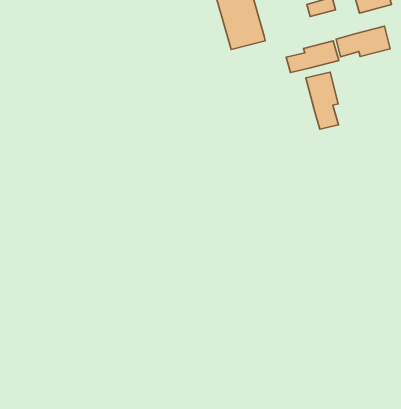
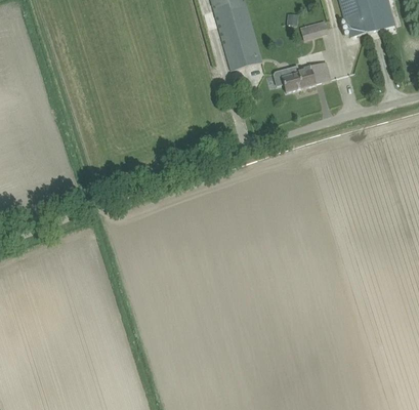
building: [336,26,390,57] -> none
building: [306,72,339,129] -> none

